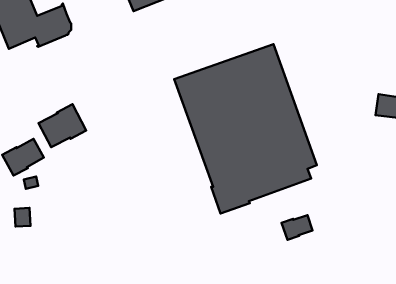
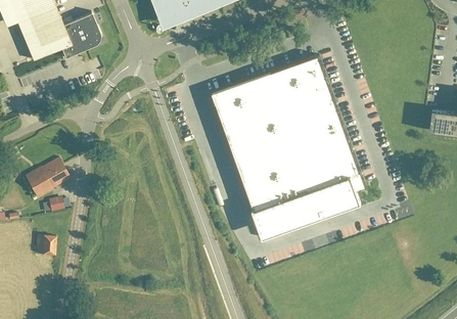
building: [39,104,86,147] -> none
building: [282,215,313,240] -> none

